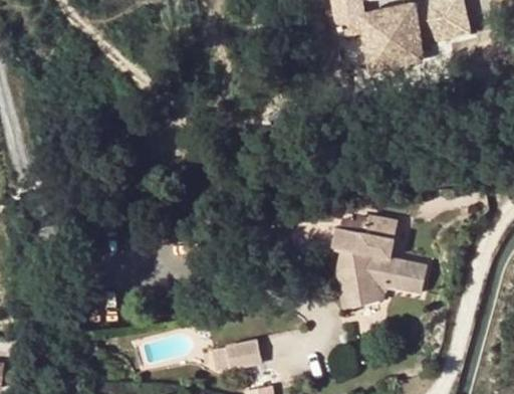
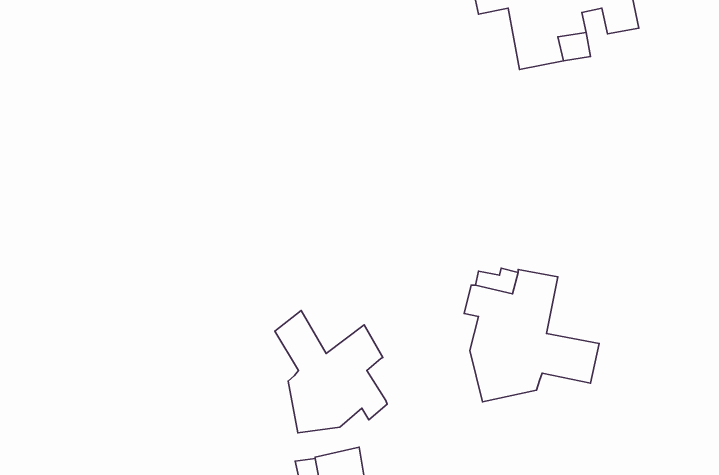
building: none -> [275,310,387,433]

